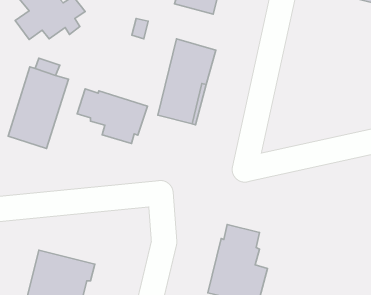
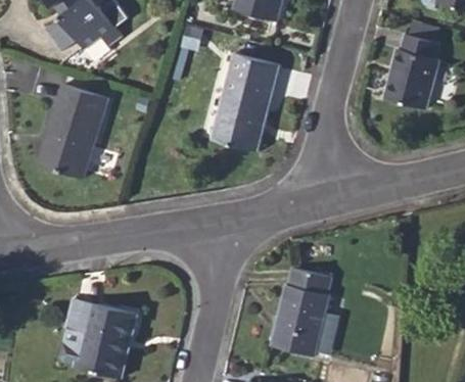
building: none -> [382,33,438,109]
building: [77,89,147,143] -> none

